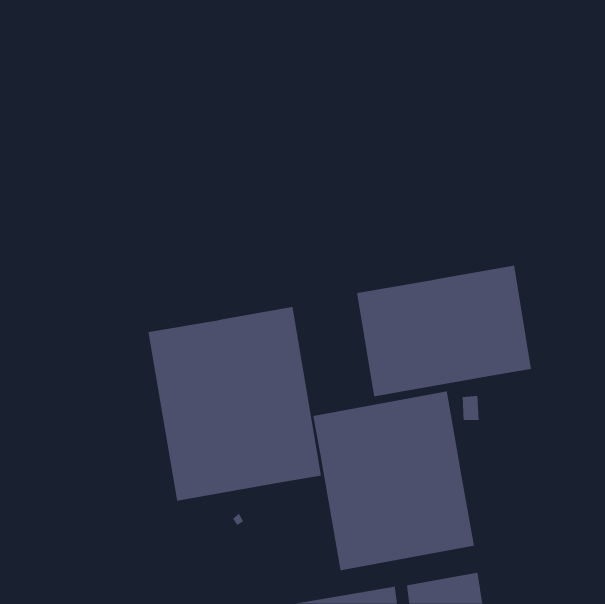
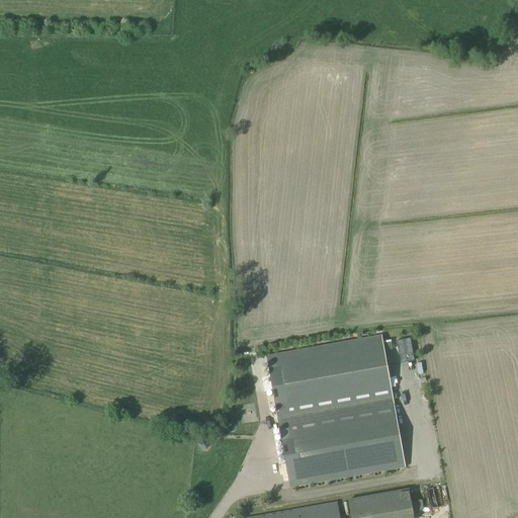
building: [357,265,532,397] -> none
building: [148,306,321,502] -> none

